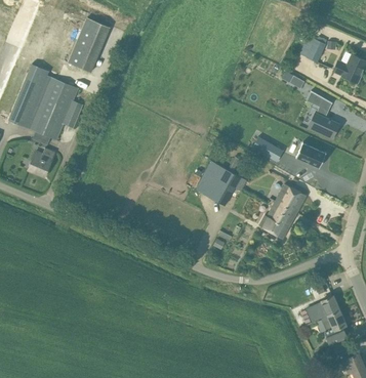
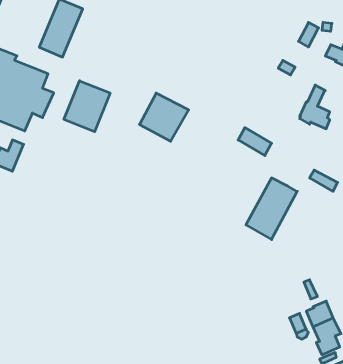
building: none -> [64,81,110,132]
building: [296,143,326,168] -> none
building: [196,162,241,206] -> [139,93,189,141]

